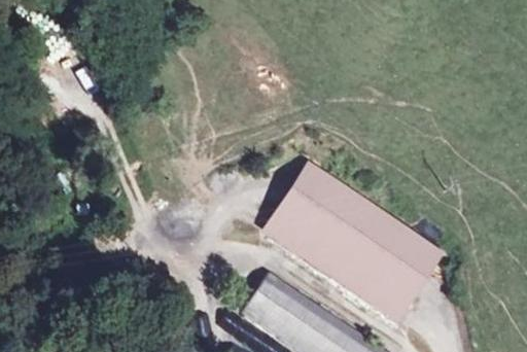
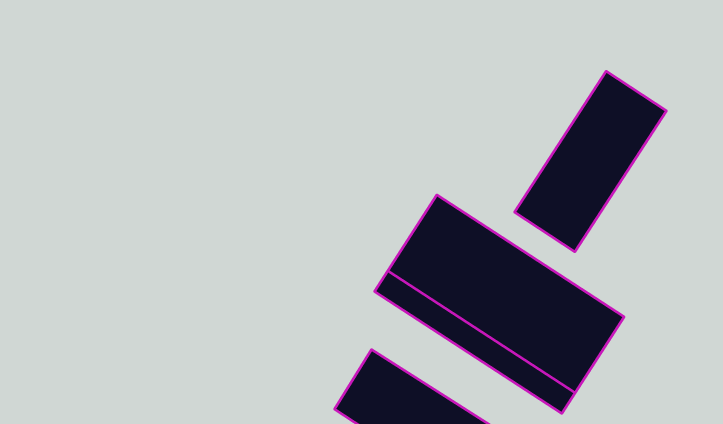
building: none -> [514,71,667,252]

